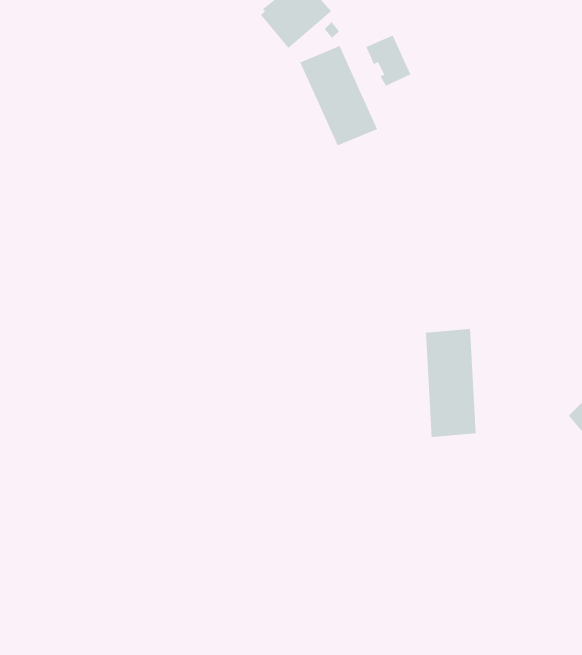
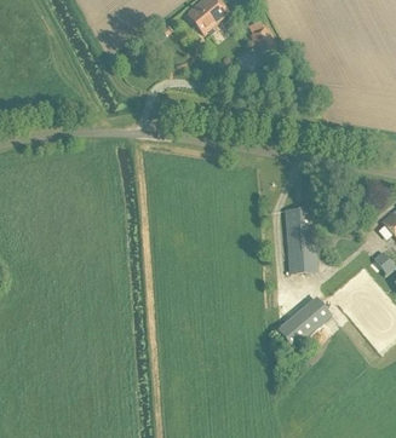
building: [300,45,378,146] -> none
building: none -> [274,295,329,347]

